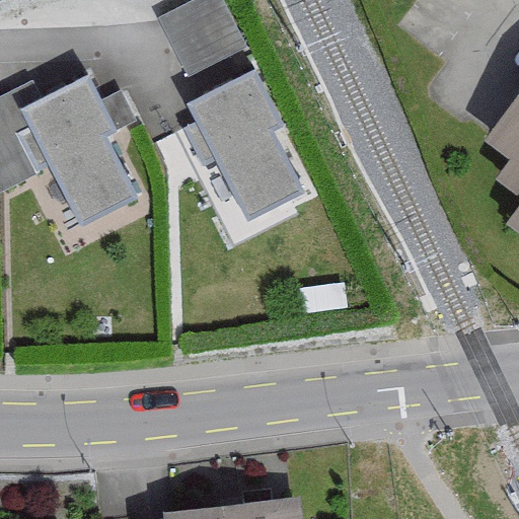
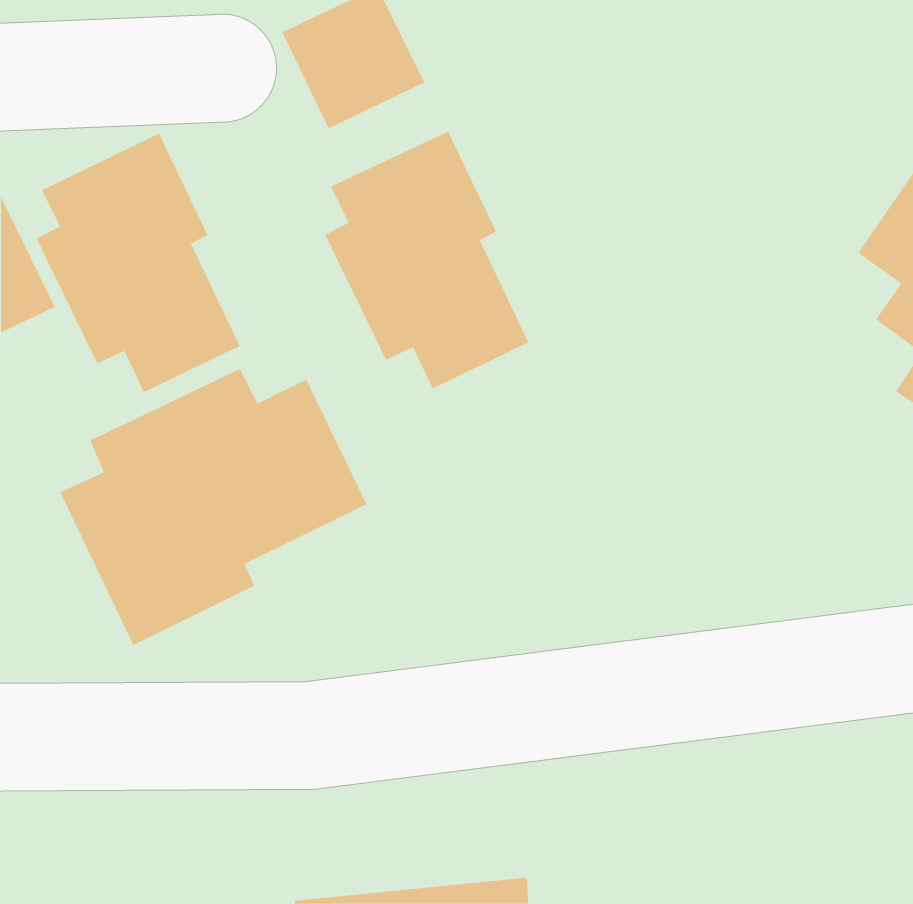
building: none -> [60,368,367,646]

